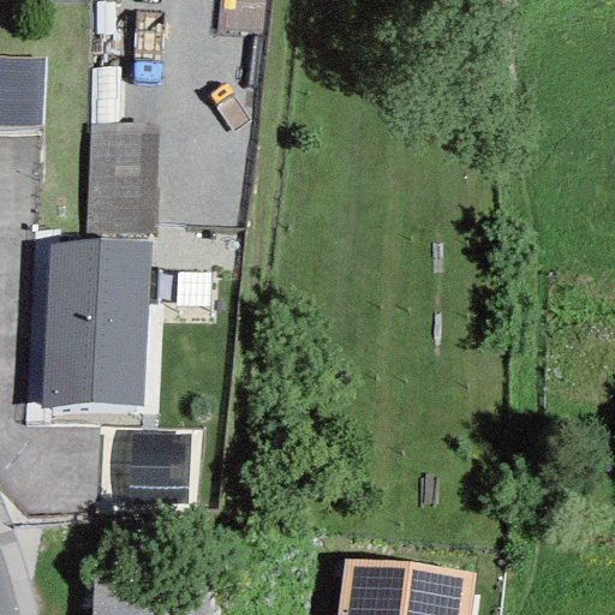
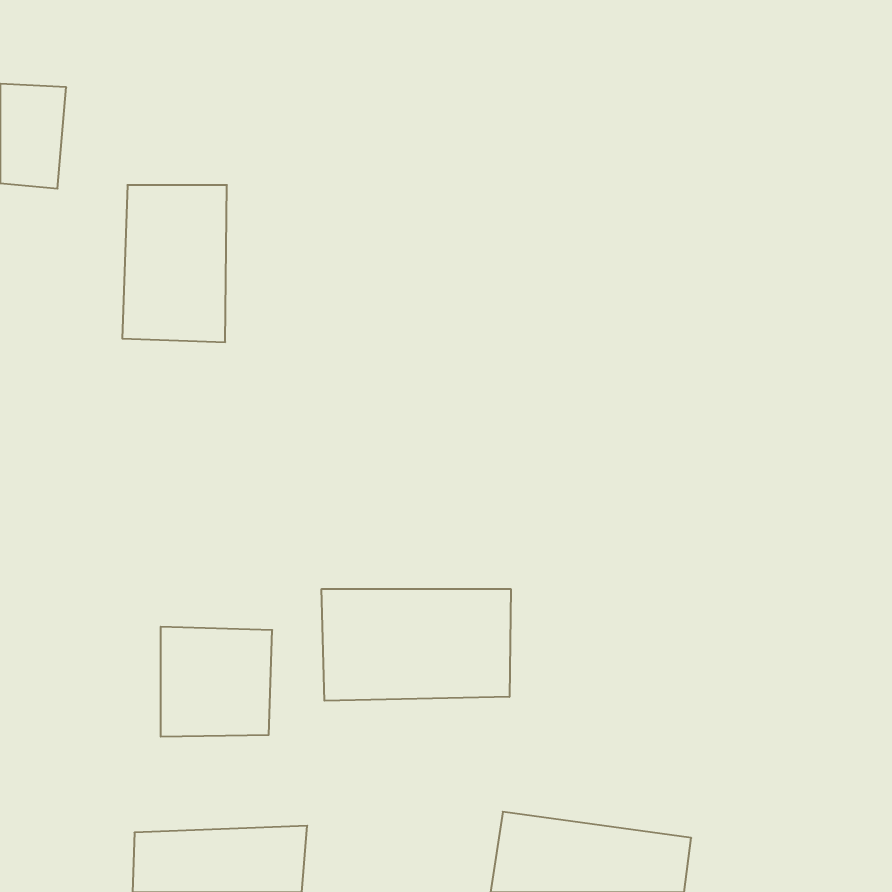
building: [40,244,150,407] -> none
building: none -> [322,589,511,701]

